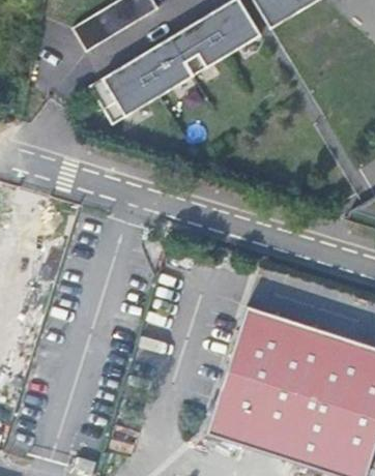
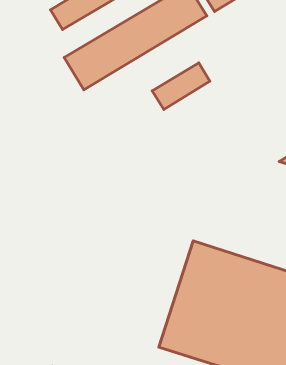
building: none -> [152,63,210,110]

